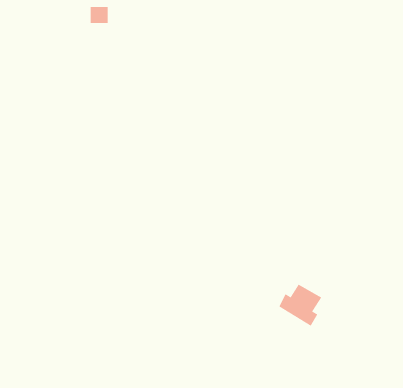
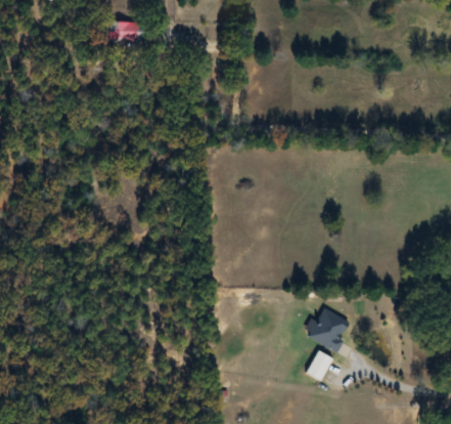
building: none -> [306,350,334,382]

